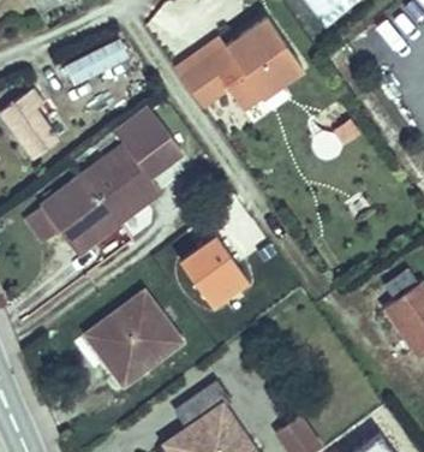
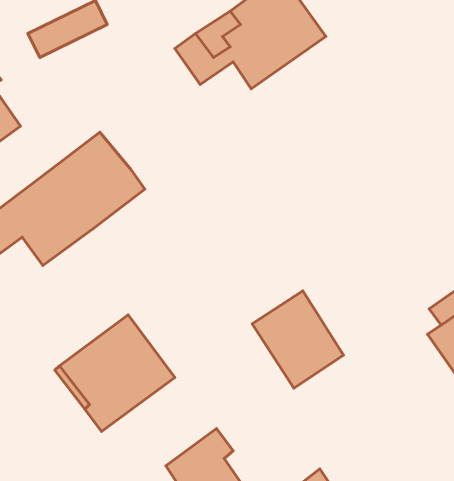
building: [112,106,179,176] -> none
building: [174,227,247,305] -> [252,291,343,388]

